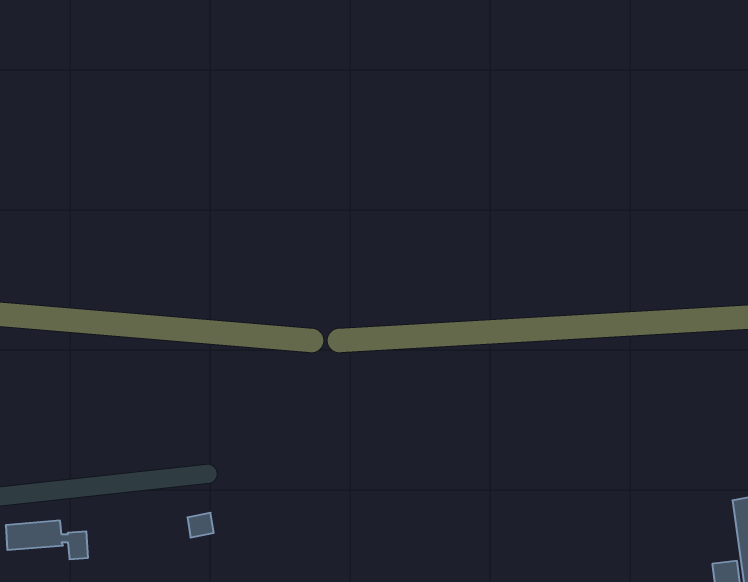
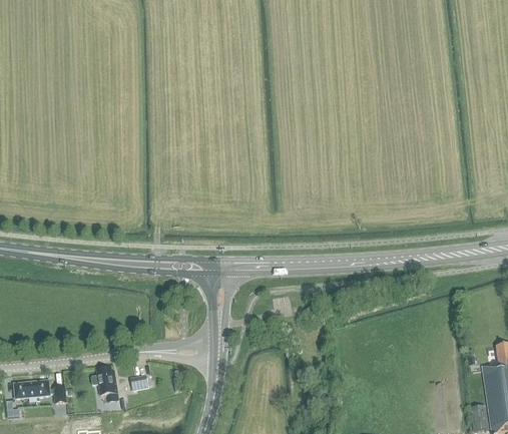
building: none -> [90,368,117,396]

